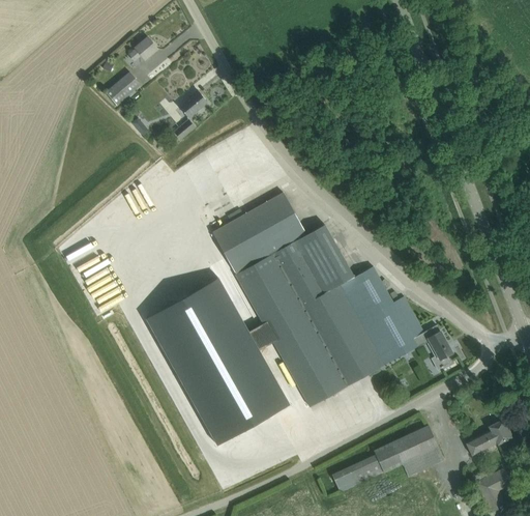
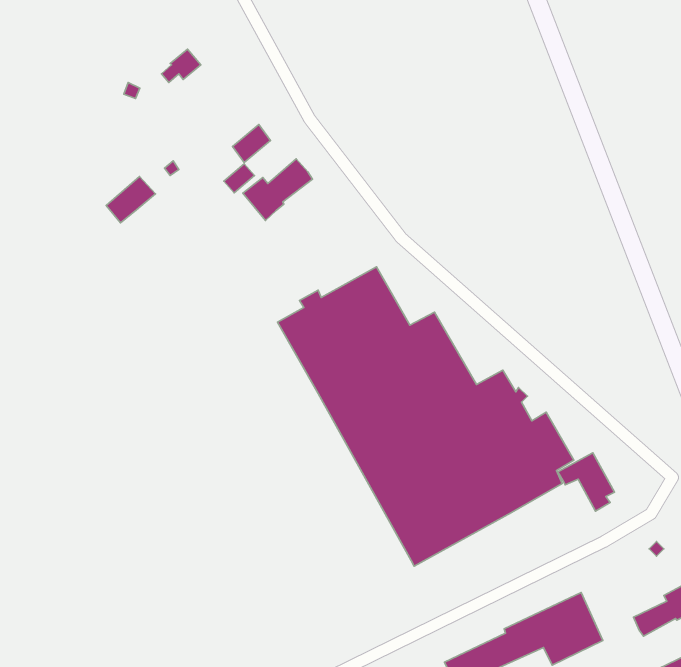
building: [106,73,141,106] -> [106,176,155,223]
building: none -> [243,159,312,220]
building: [151,275,292,439] -> none

